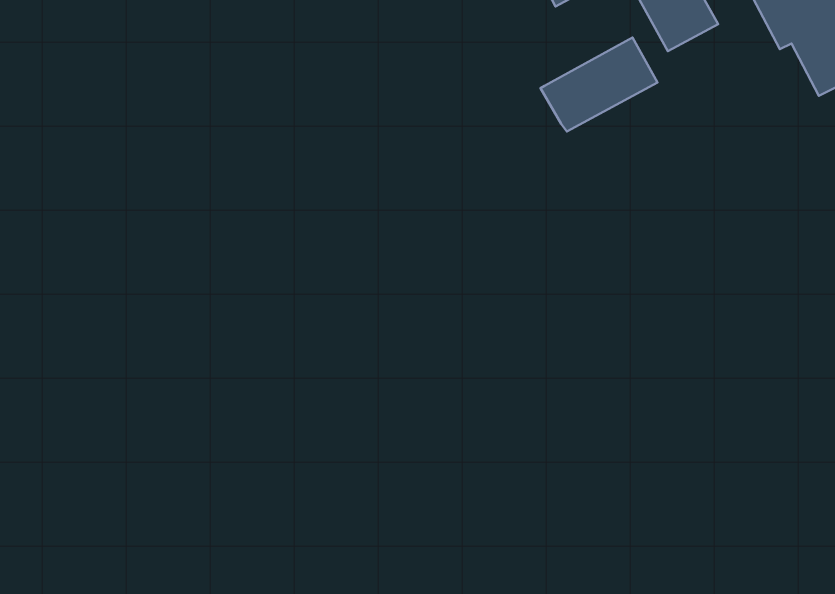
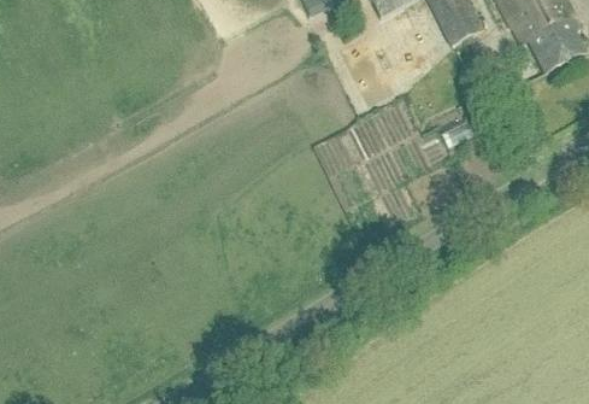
building: [540,37,658,132] -> none

